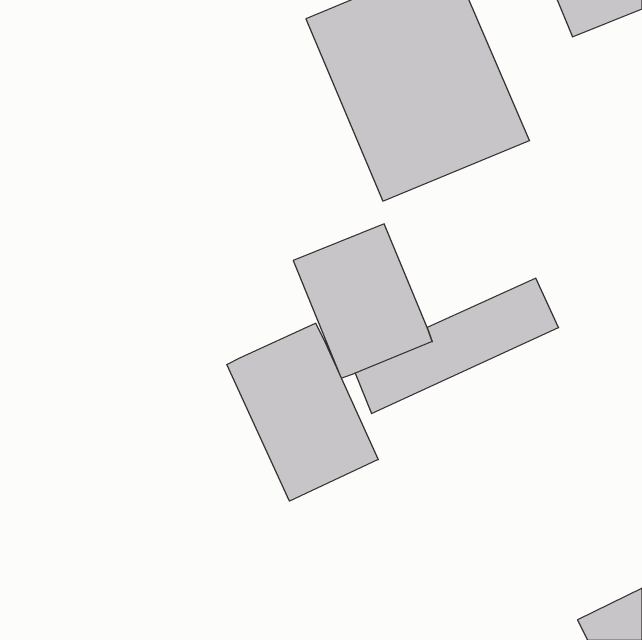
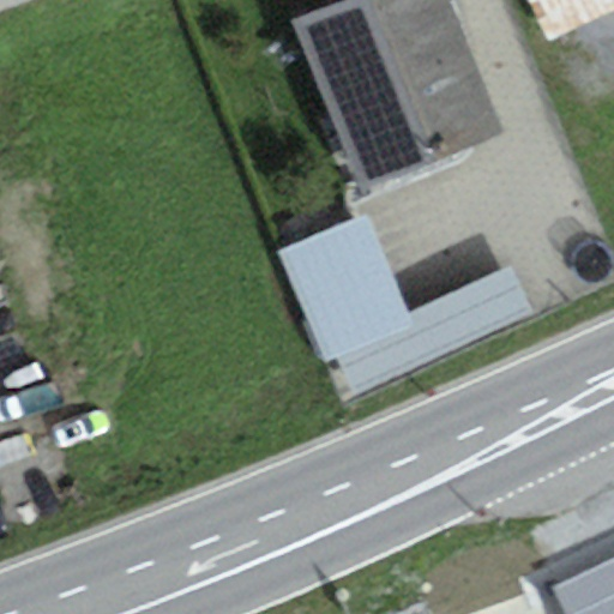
building: [227,323,378,501] -> none

